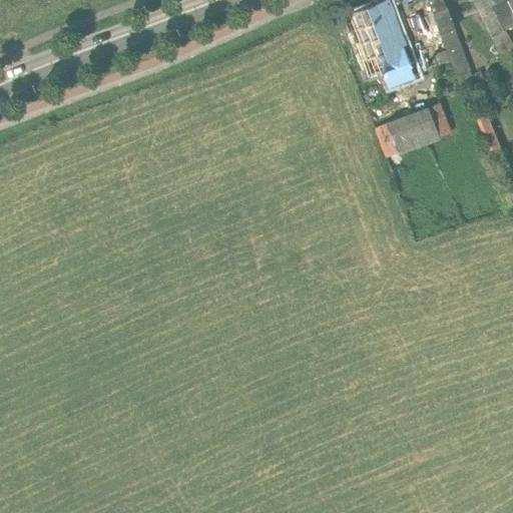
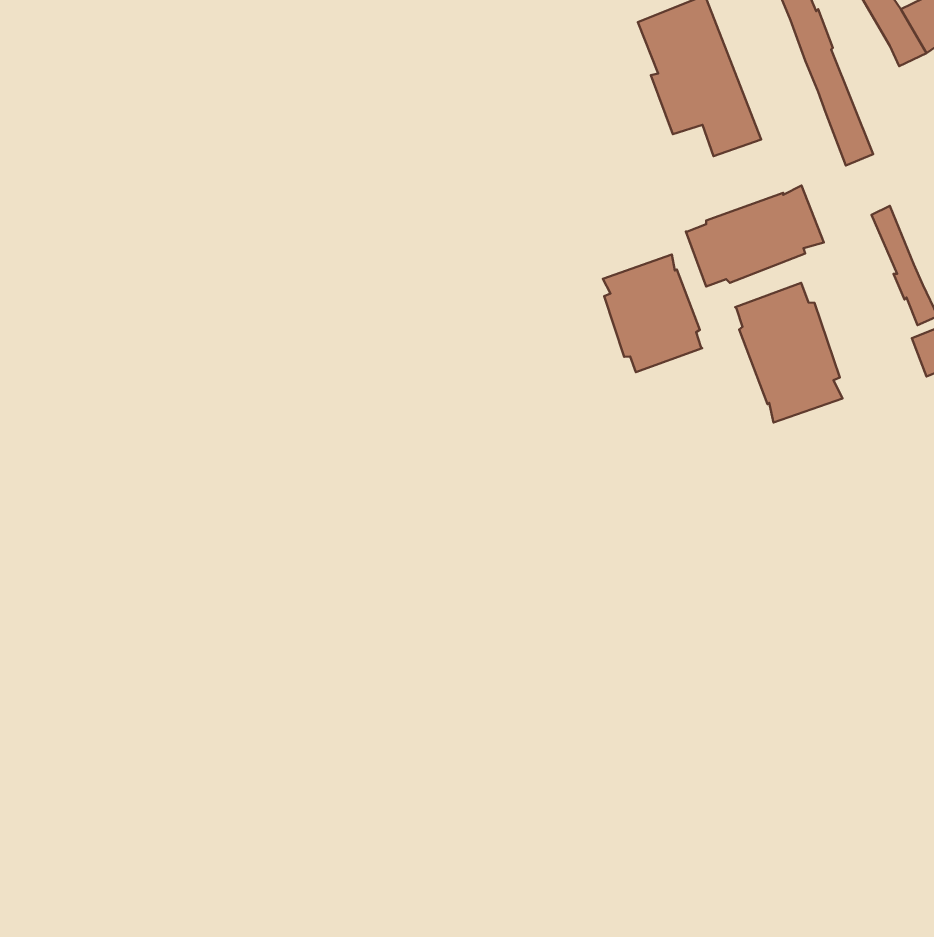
building: none -> [603,255,702,372]
building: none -> [735,283,842,423]

